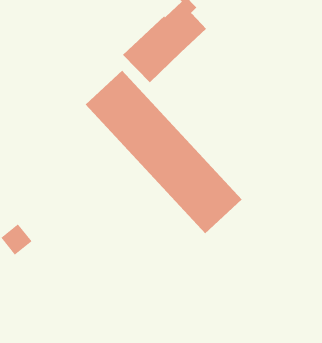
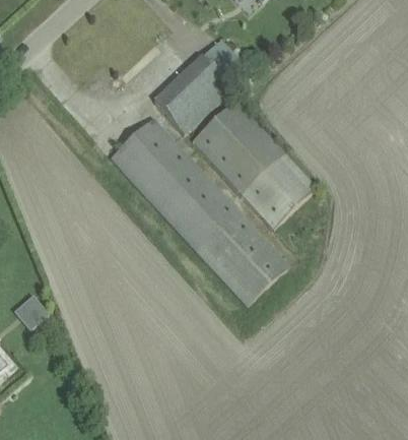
building: none -> [188,98,313,225]

